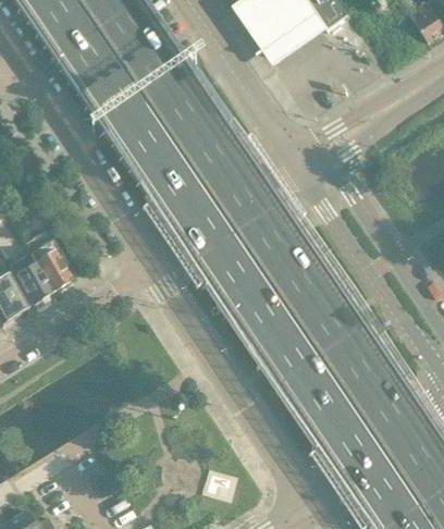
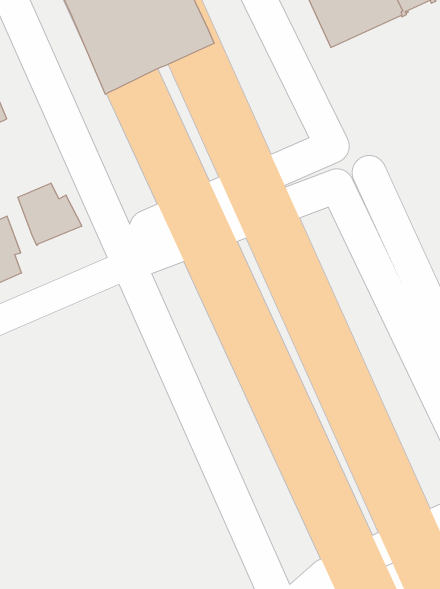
building: none -> [18,183,82,245]

